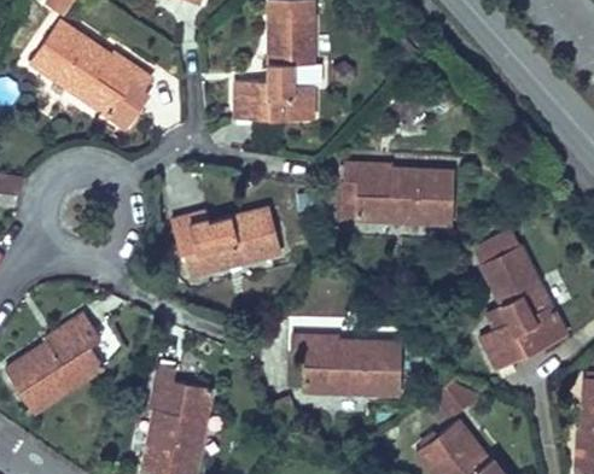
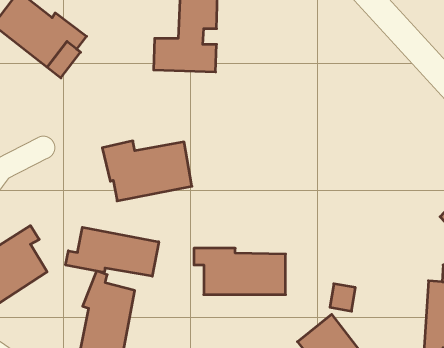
building: [339,165,453,228] -> none
building: [472,229,564,374] -> none
building: none -> [66,227,159,276]

